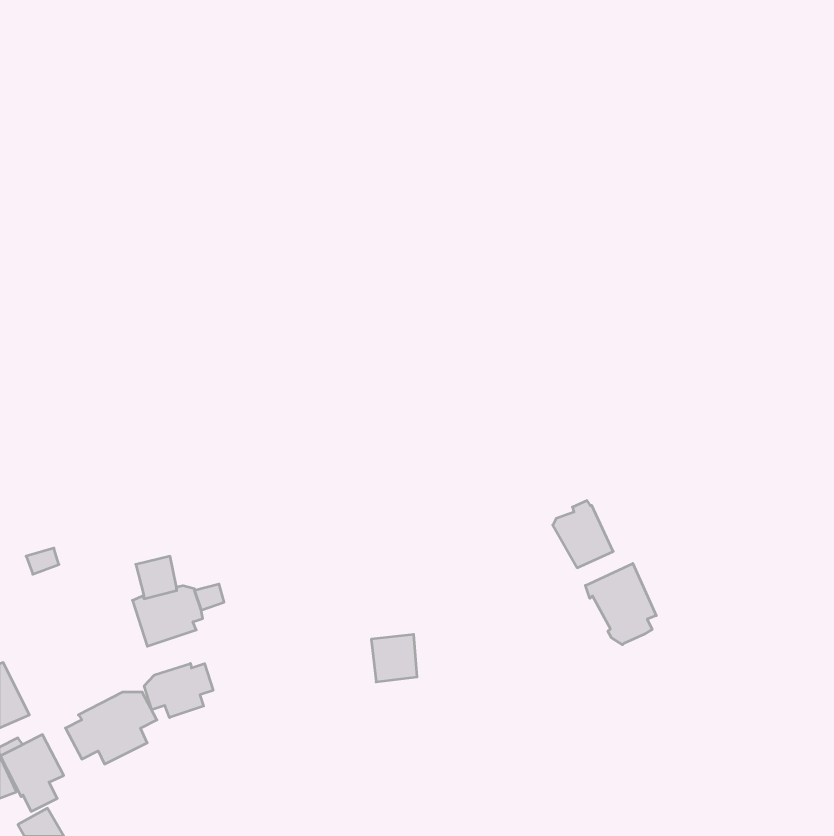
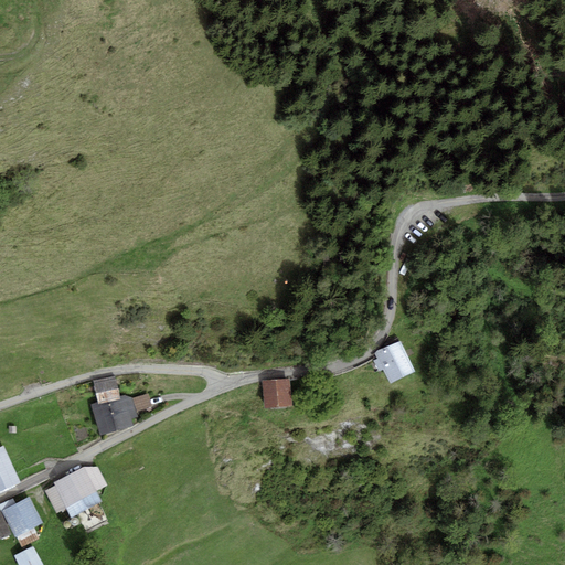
building: [585,563,656,645] -> none
building: [371,634,417,682] -> [260,376,291,408]
building: [144,663,213,718] -> none

